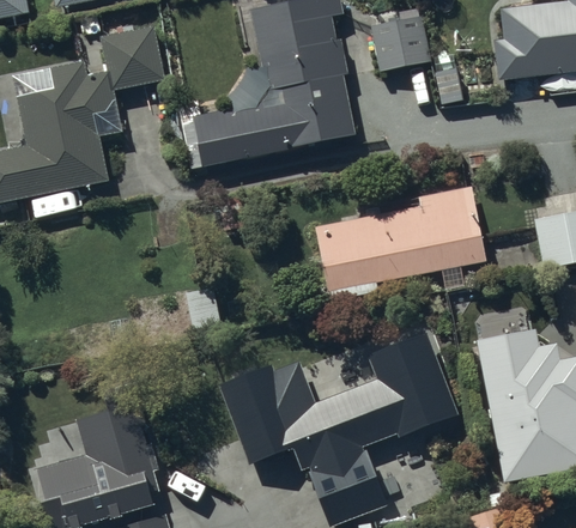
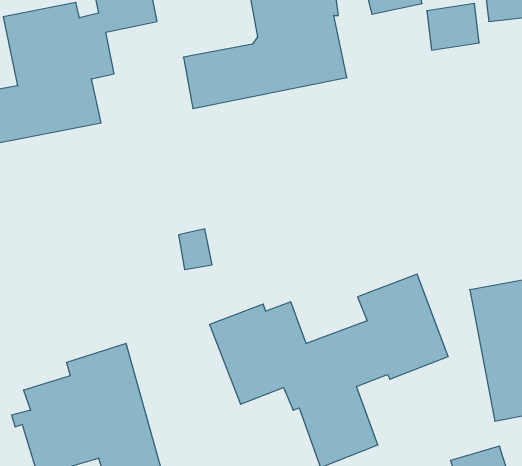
building: [315,184,486,299] -> none

